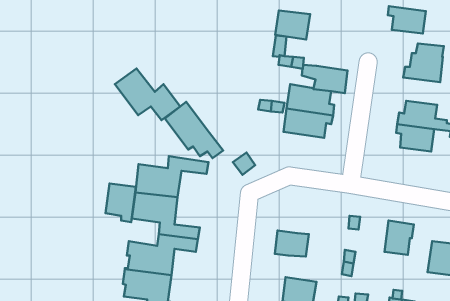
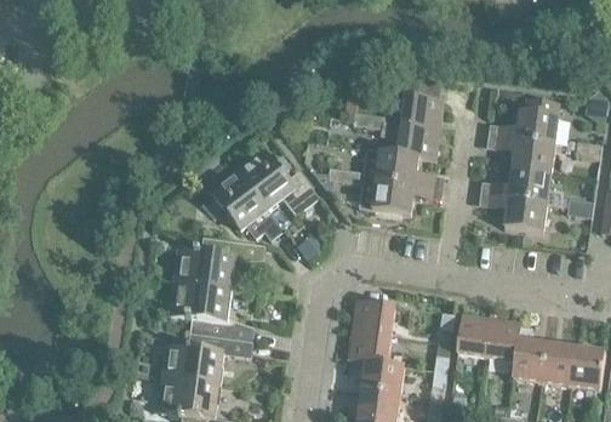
building: [388,6,426,34] -> [507,139,554,173]
building: [275,10,310,40] -> [400,95,444,131]
building: [115,69,180,120] -> [238,150,319,215]
building: [106,183,136,222] -> none
building: none -> [352,300,395,335]
building: none -> [456,314,490,357]
building: none -> [512,340,544,382]
building: none -> [361,361,404,394]

